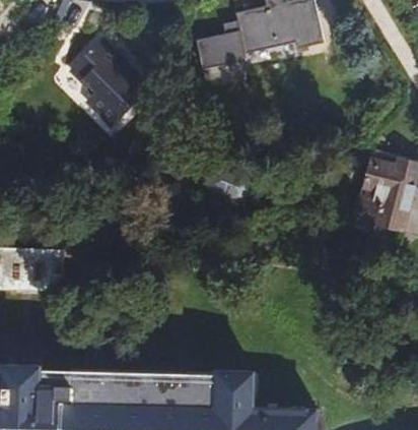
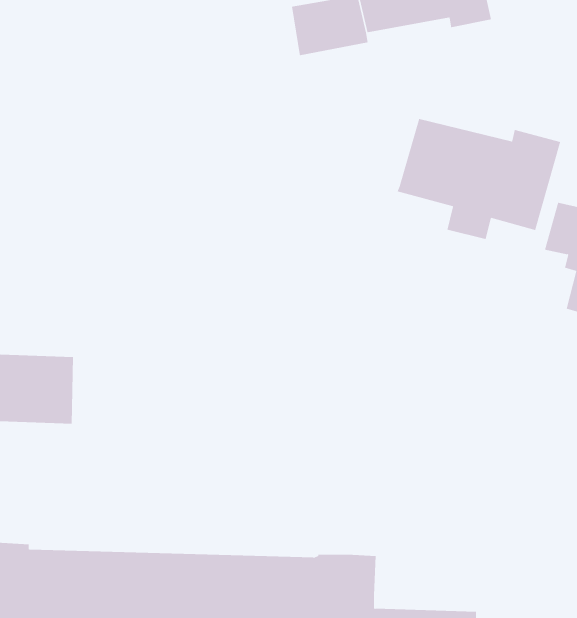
building: [70,39,149,125] -> none
building: none -> [397,118,561,240]

